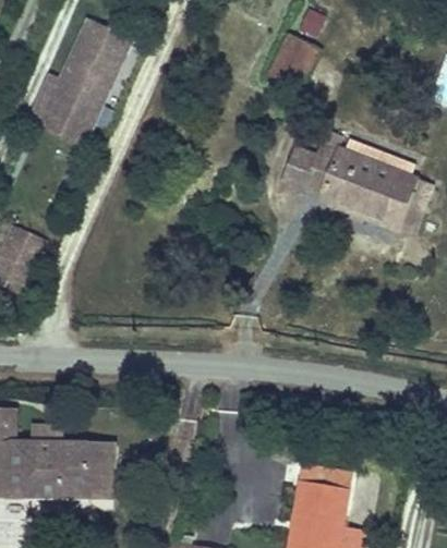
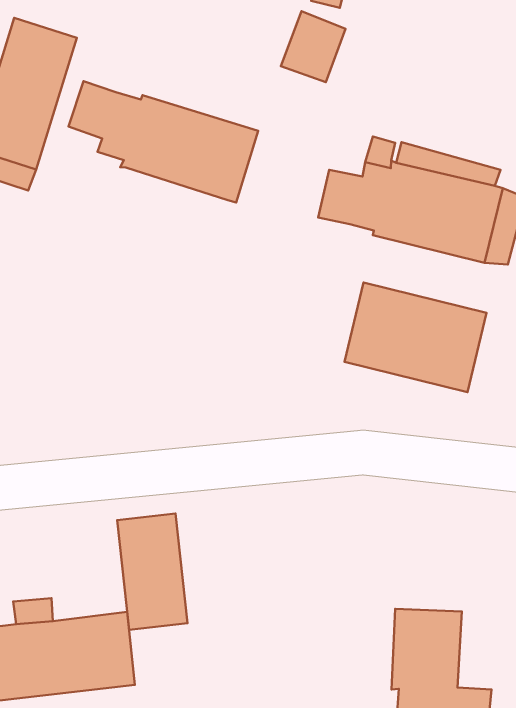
building: none -> [69,81,258,203]
building: none -> [344,282,486,392]
building: none -> [117,513,188,630]

